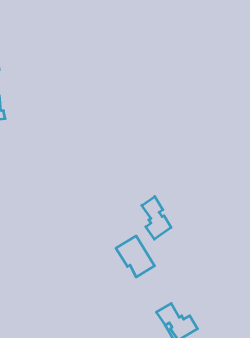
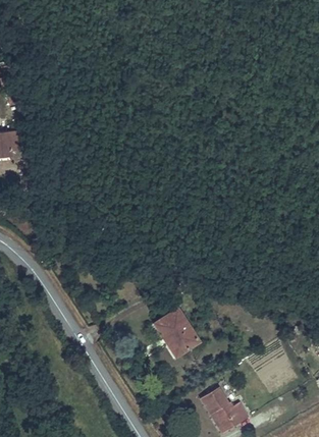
building: [142,196,171,239] -> none

